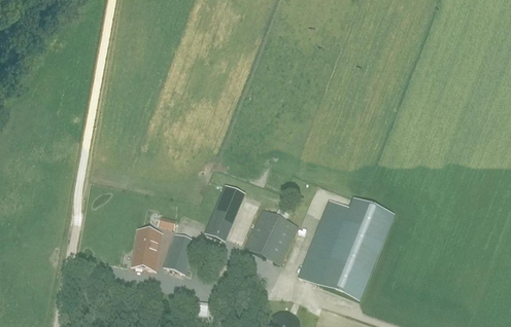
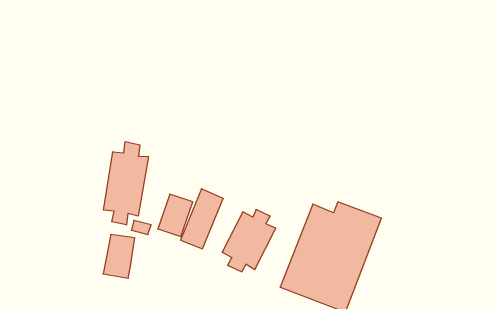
building: none -> [103,142,148,225]
building: [164,232,197,273] -> [158,194,193,237]

